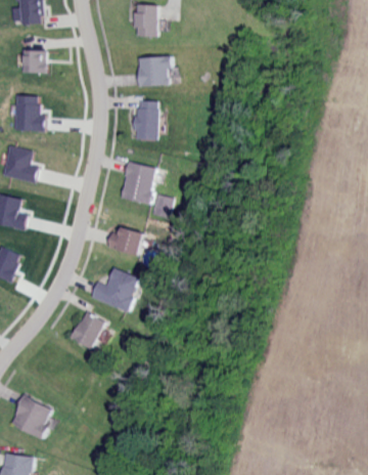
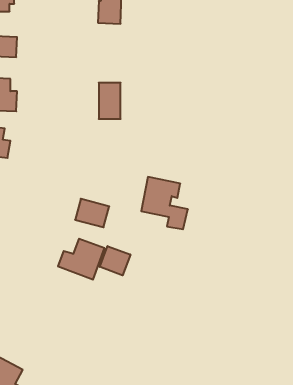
building: [137,56,172,86] -> none
building: [121,162,171,218] -> [141,177,188,229]
building: none -> [100,246,130,275]
building: [70,310,106,349] -> none

